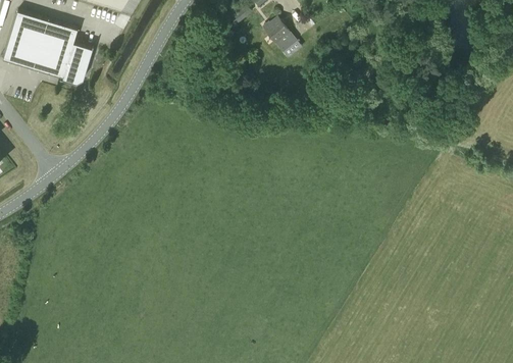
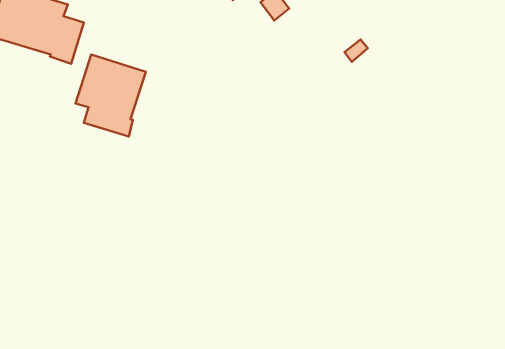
building: none -> [76,54,146,137]

